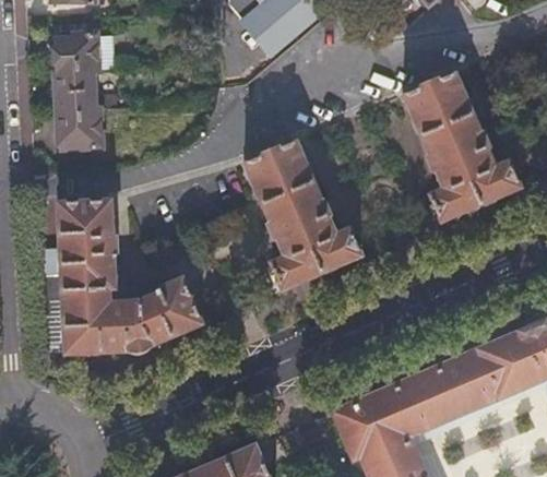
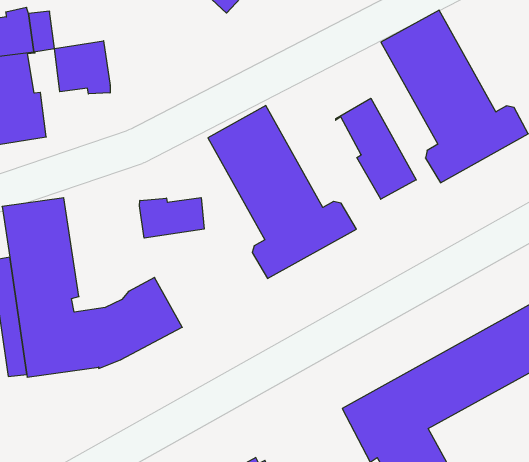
building: none -> [55,41,110,94]
building: none -> [336,98,416,199]
building: none -> [139,198,204,238]

